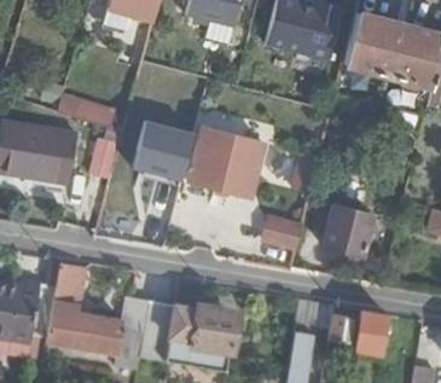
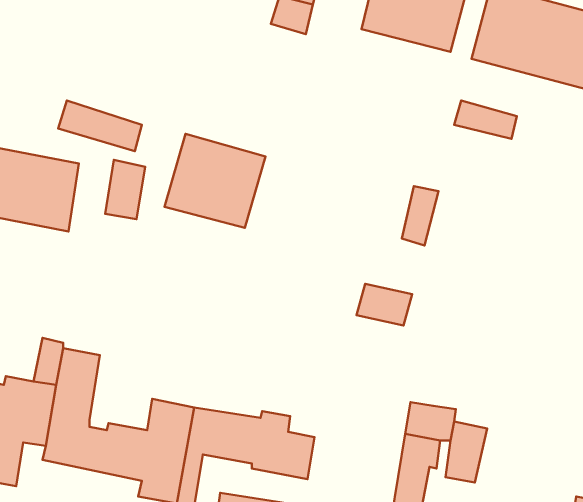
building: [186,127,262,197] -> none
building: [323,205,373,255] -> none
building: [355,312,388,358] -> none

